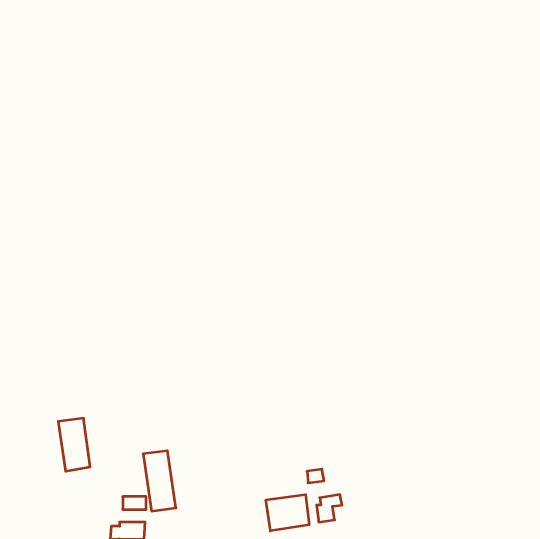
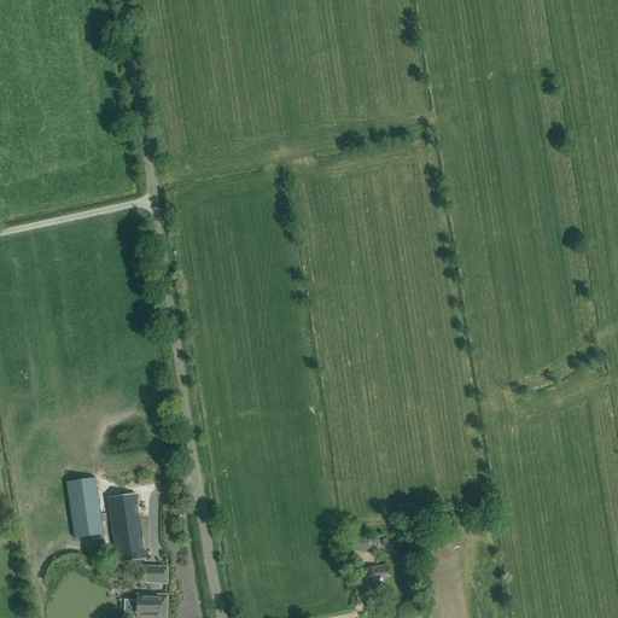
building: [143,451,176,511] -> [109,492,146,561]
building: [266,495,309,531] -> none

